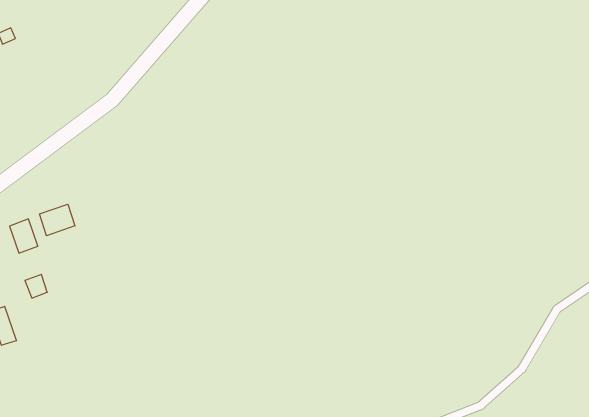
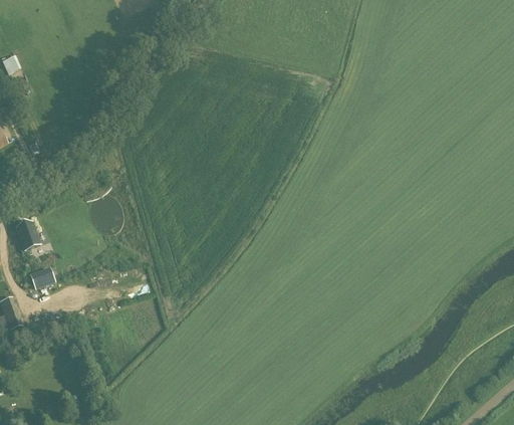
building: [40,204,75,236] -> none

